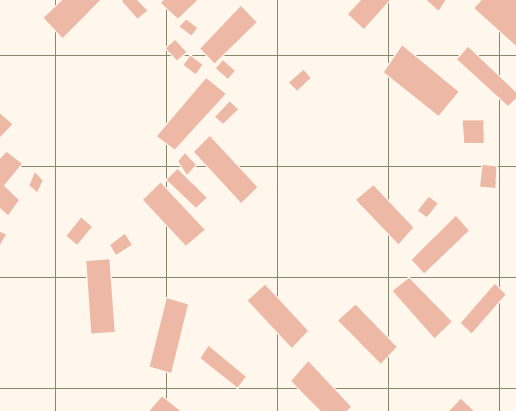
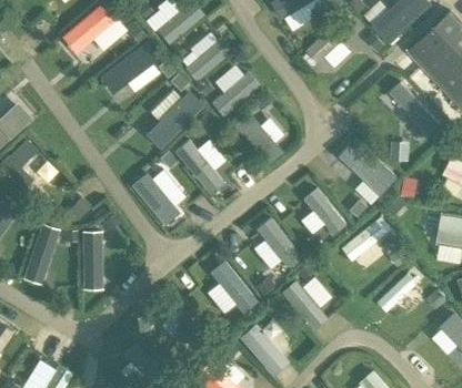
building: none -> [99,40,161,95]
building: [383,45,459,117] -> [338,136,398,196]
building: none -> [212,71,260,116]
building: none -> [233,112,283,166]
building: [392,277,453,339] -> [255,218,302,269]
building: [149,298,189,373] -> [23,224,59,285]

